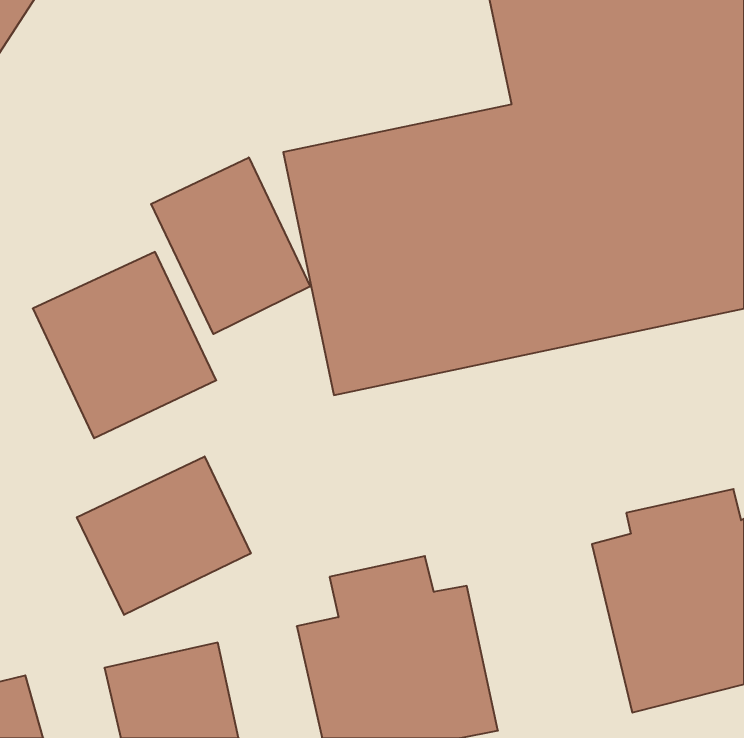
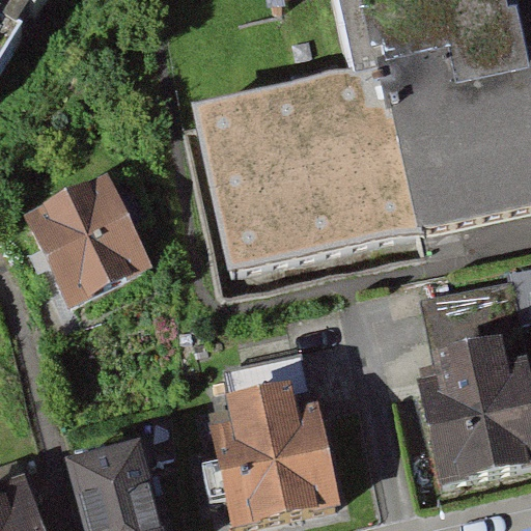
building: [151,157,310,334] -> none
building: [77,456,251,615] -> none

